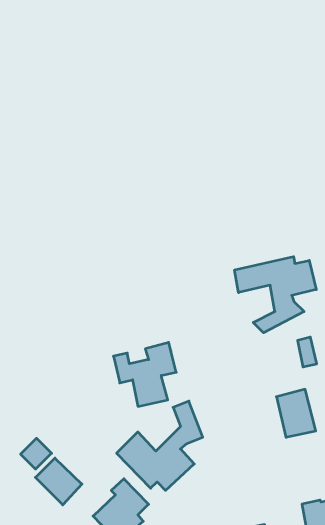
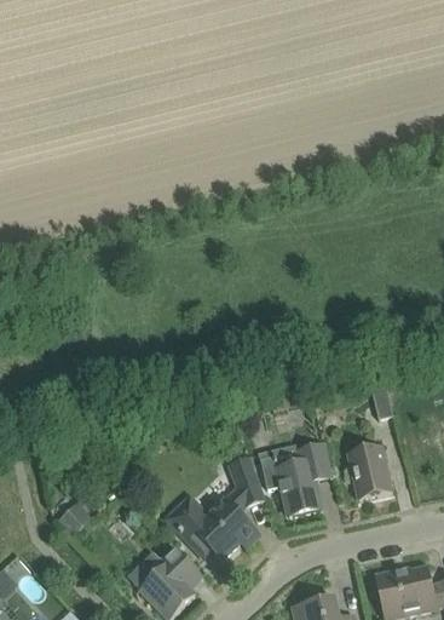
building: [235,257,316,333] -> none
building: [113,342,176,406] -> [260,442,331,515]
building: [35,458,82,505] -> none

